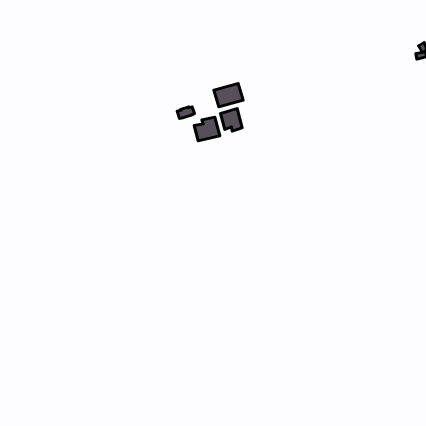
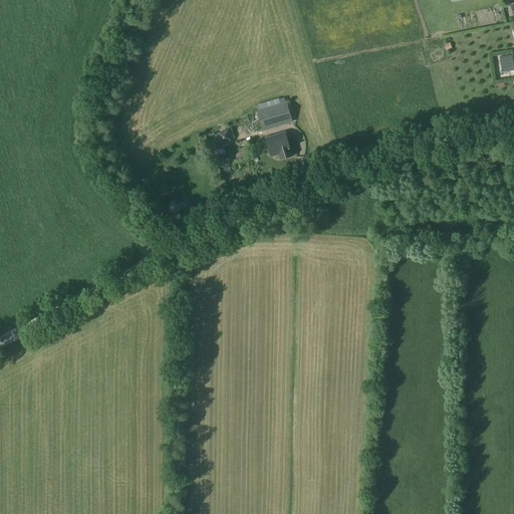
building: [194,117,220,141] -> none

